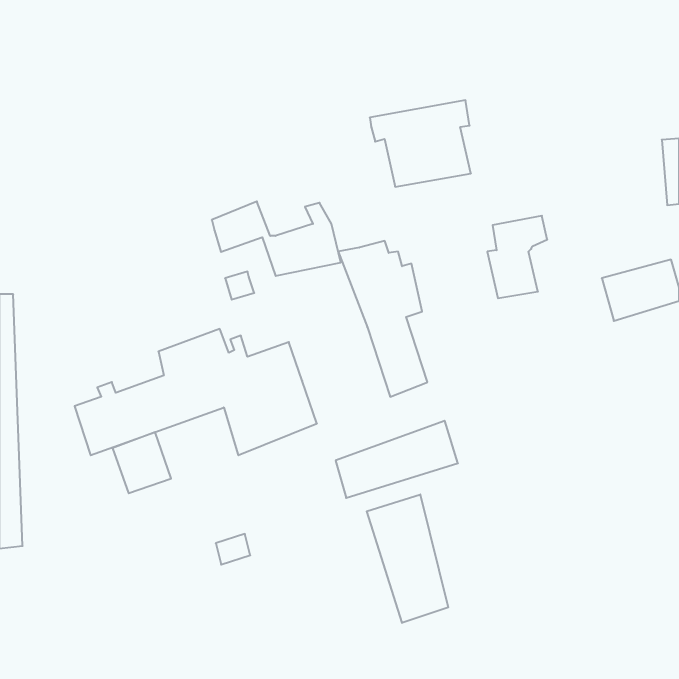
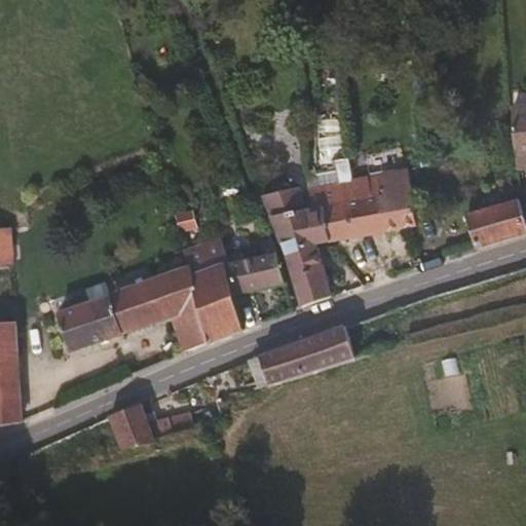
building: [370,100,471,187] -> [306,174,384,240]
building: [212,201,341,276] -> [184,236,284,294]
building: [113,432,171,493] -> [108,403,153,450]
building: [367,494,448,623] -> none

